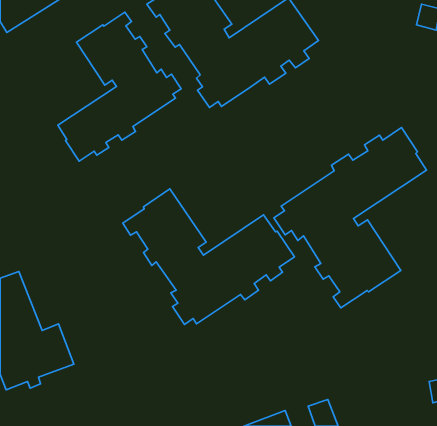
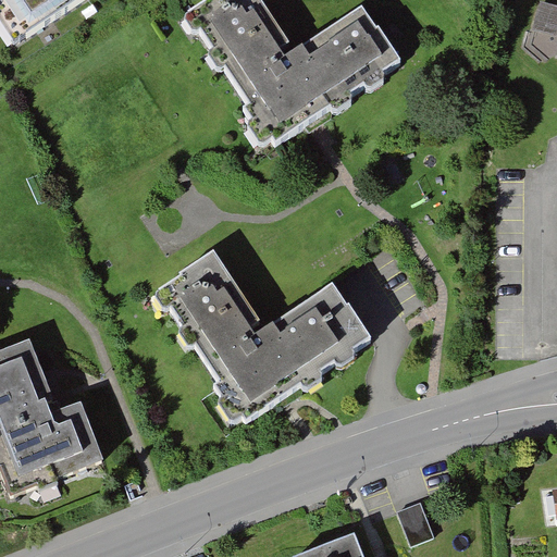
building: [58,12,181,161] -> none
building: [274,128,426,308] -> none

